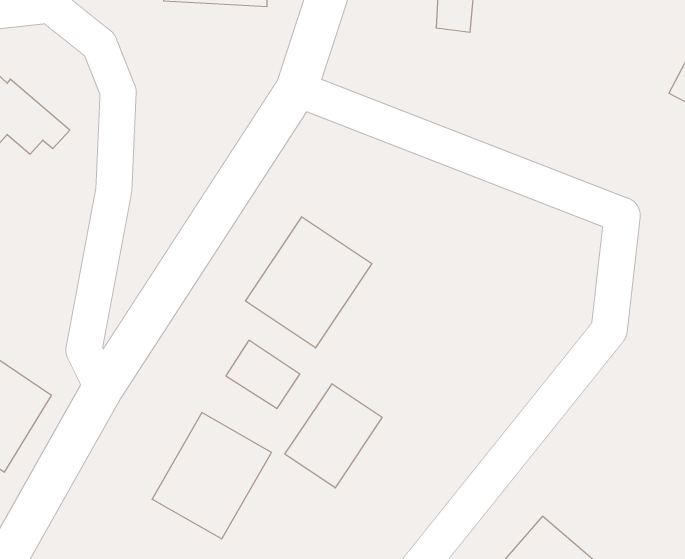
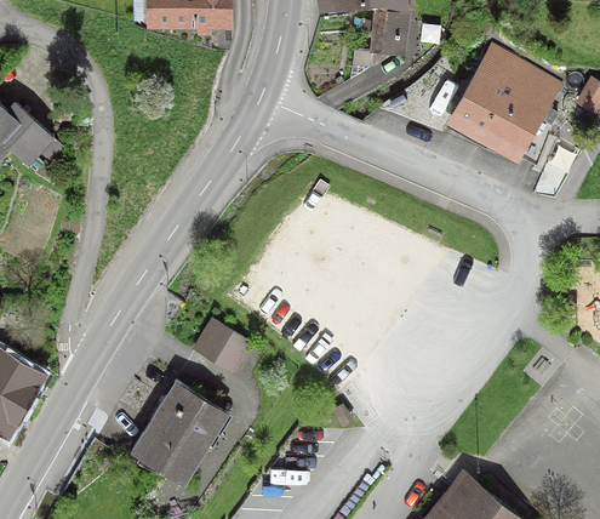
building: none -> [448,44,565,165]
building: [246,217,372,348] -> none
building: [285,384,382,488] -> none

